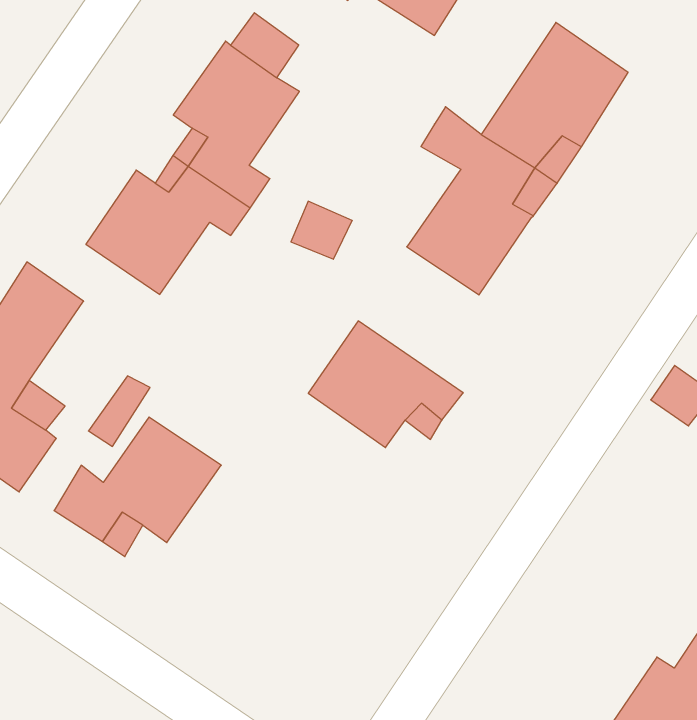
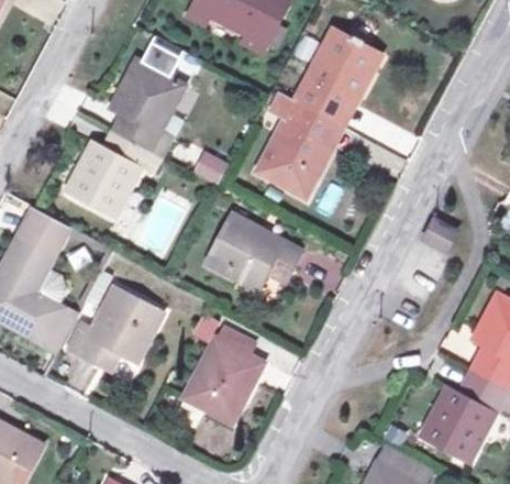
building: none -> [187,326,260,419]

